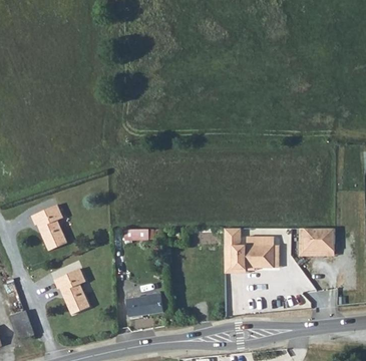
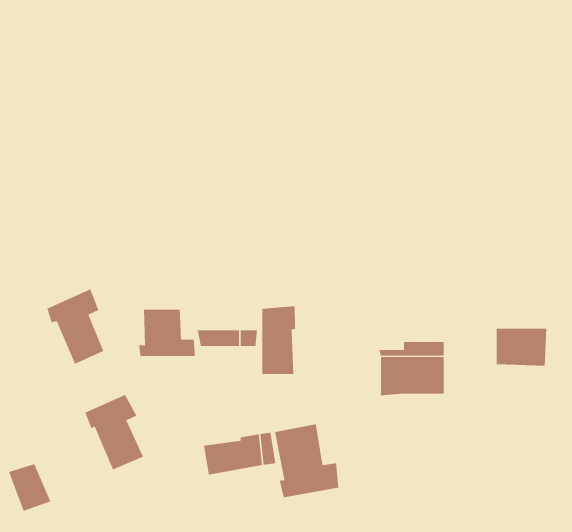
building: none -> [262,305,296,375]
building: none -> [138,309,196,357]
building: none -> [274,423,339,498]

